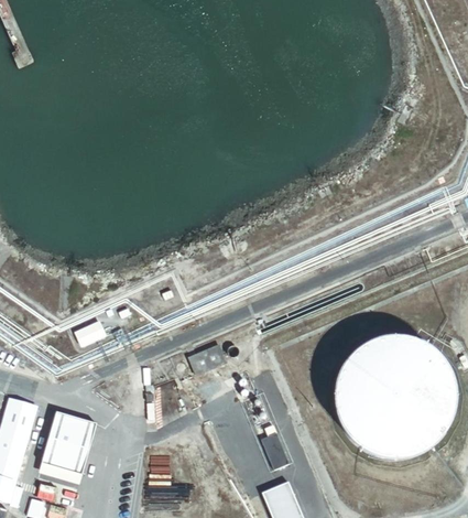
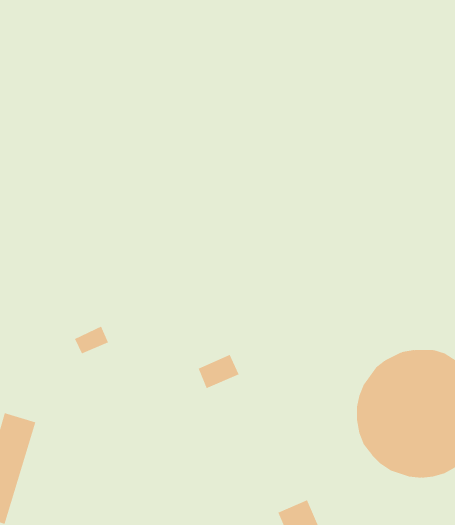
building: [41,409,98,483] -> none

